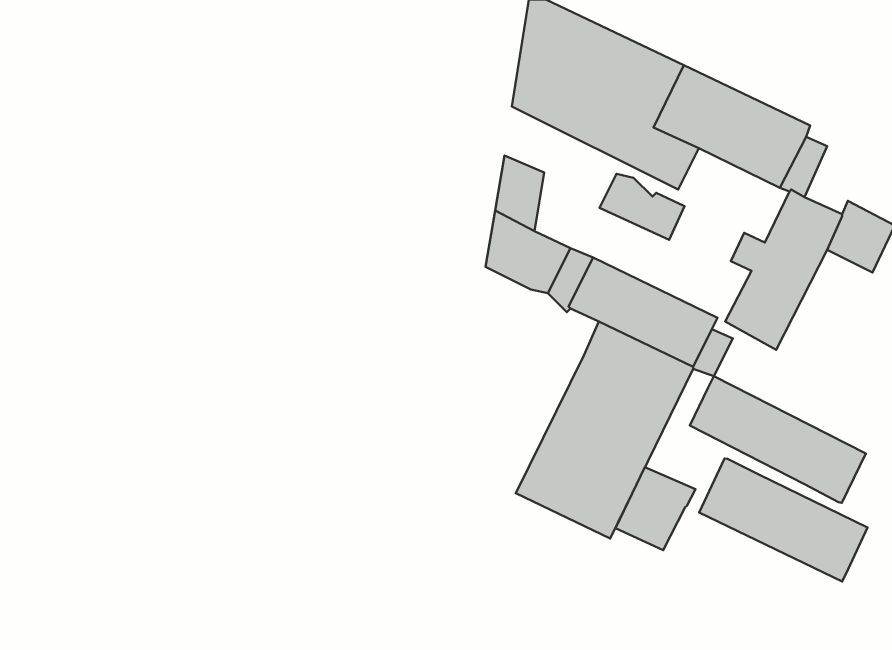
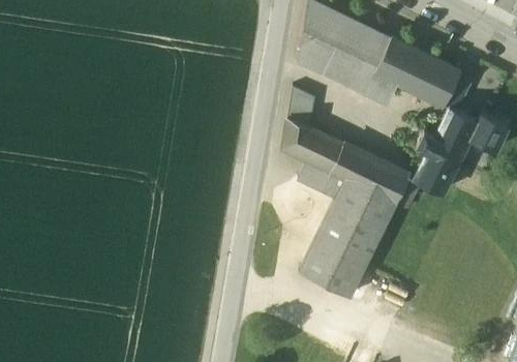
building: [600,174,684,240] -> [298,161,344,198]
building: [690,376,866,503] -> none
building: [699,458,868,582] -> none
building: [615,467,695,550] -> none

